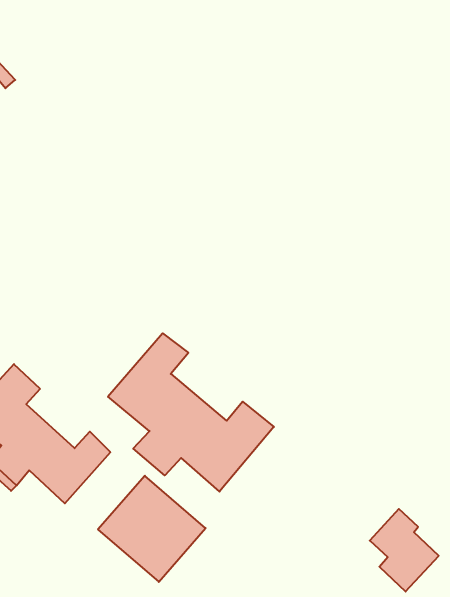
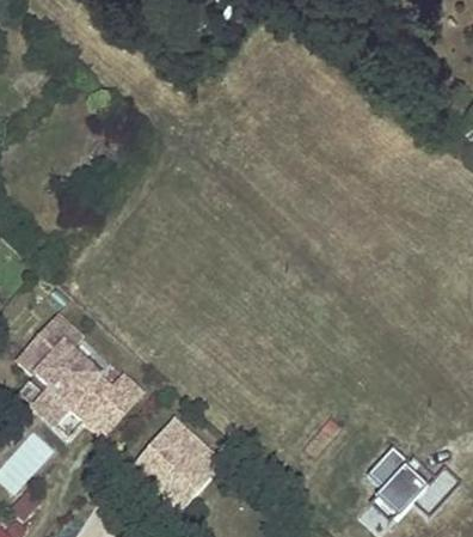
building: [108,333,274,492] -> none

